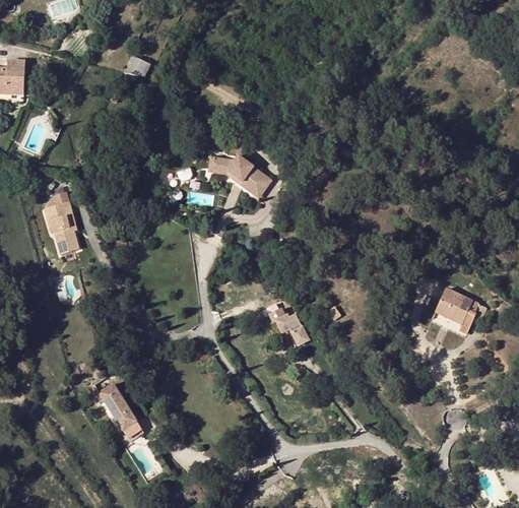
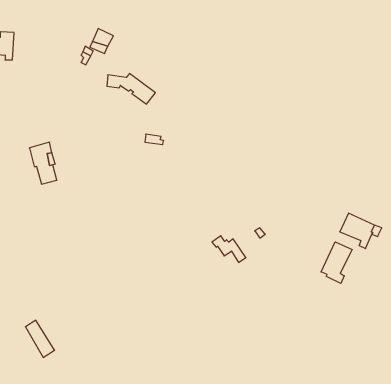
building: [207,155,268,194] -> [107,73,155,104]
building: none -> [321,242,352,283]
building: [98,382,134,429] -> [25,320,55,357]

